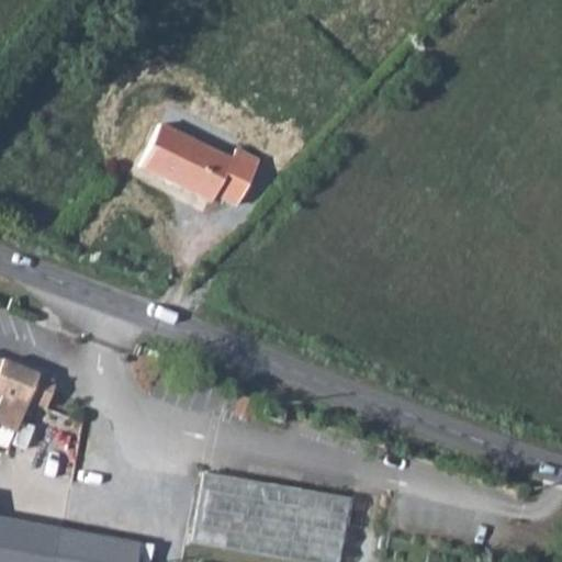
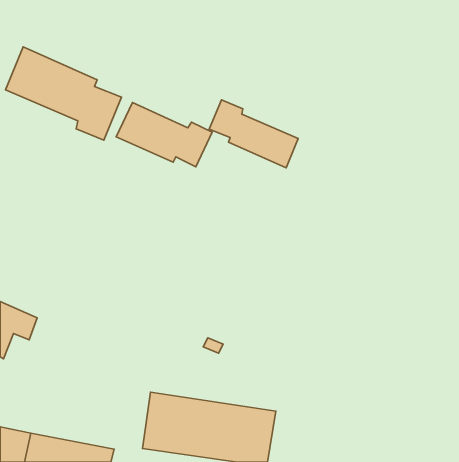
building: none -> [5,47,122,140]
building: none -> [209,100,298,168]

